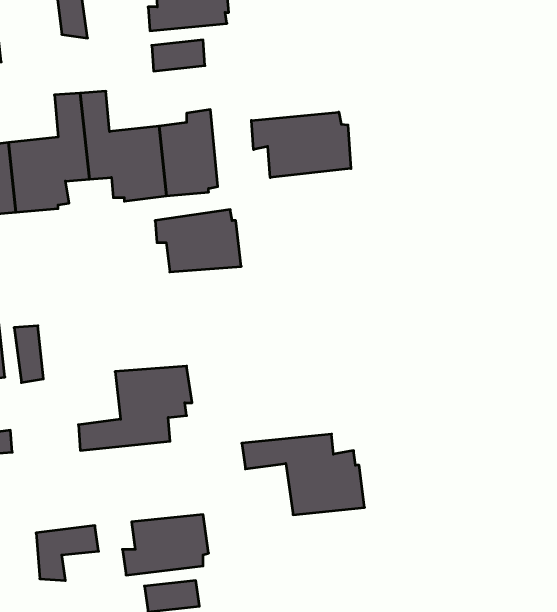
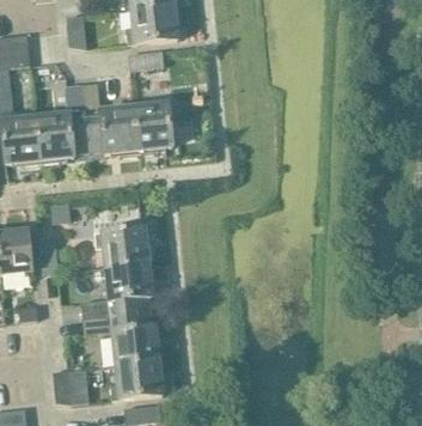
building: [251,112,351,178] -> none
building: [155,210,241,272] -> [94,225,151,266]
building: [242,434,365,515] -> [81,311,161,364]

